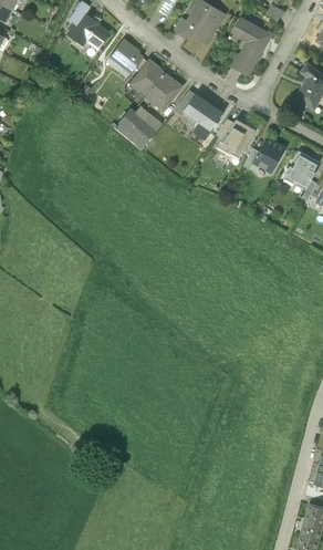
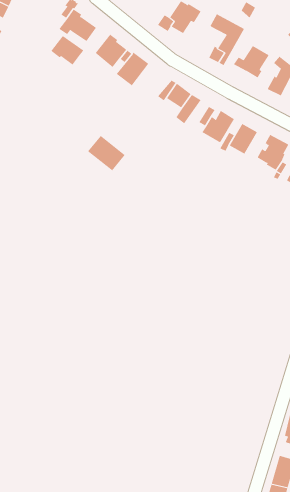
building: none -> [51,35,84,65]
building: none -> [233,45,269,79]
building: [147,73,183,110] -> none
building: [114,110,156,149] -> [87,135,126,171]

